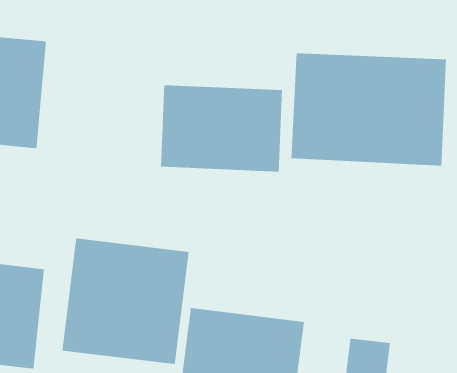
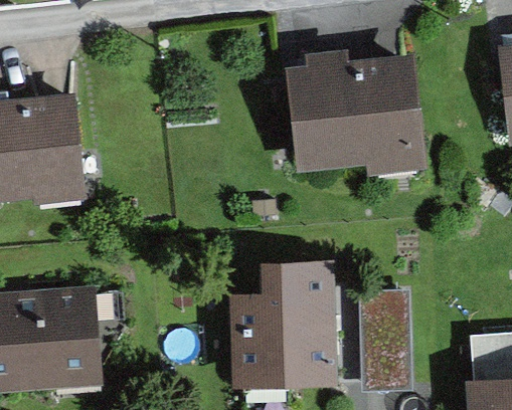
building: [160,84,283,172] -> none
building: [61,237,190,365] -> none

